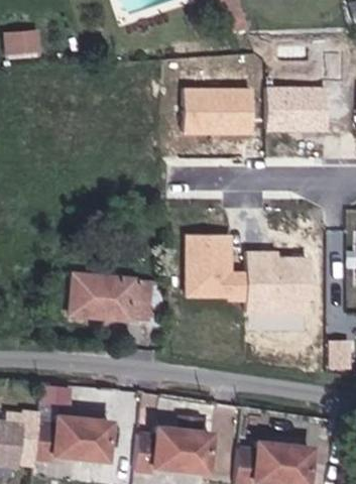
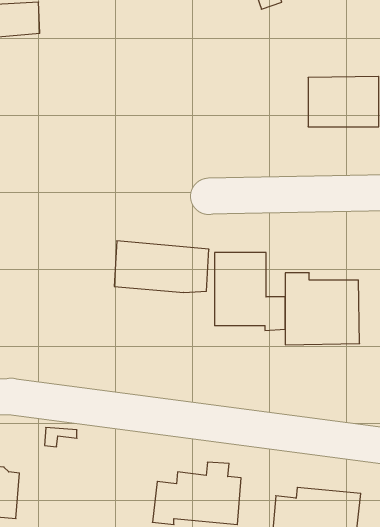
building: [184,93,251,137] -> none
building: [71,277,150,321] -> [114,241,209,292]
building: [36,412,110,457] -> none

